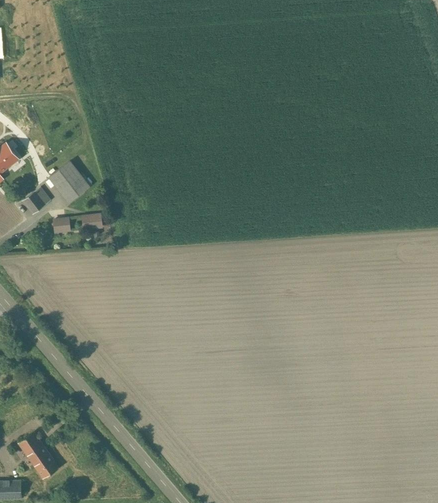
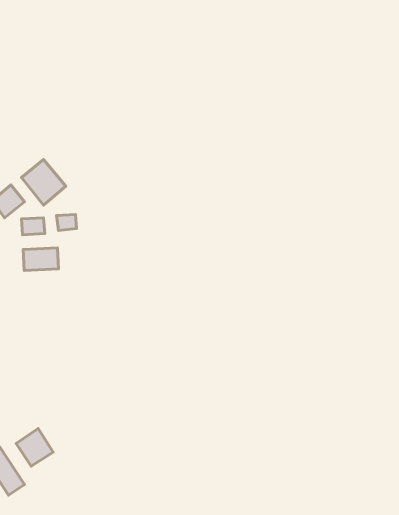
building: none -> [23,248,59,271]
building: none -> [16,429,53,466]

